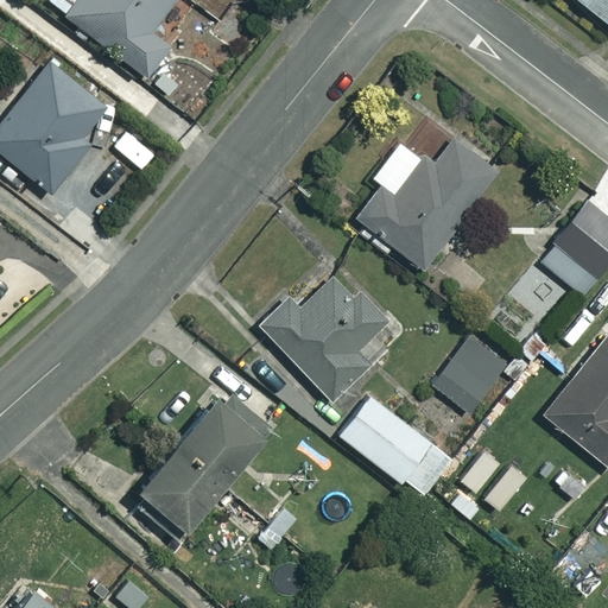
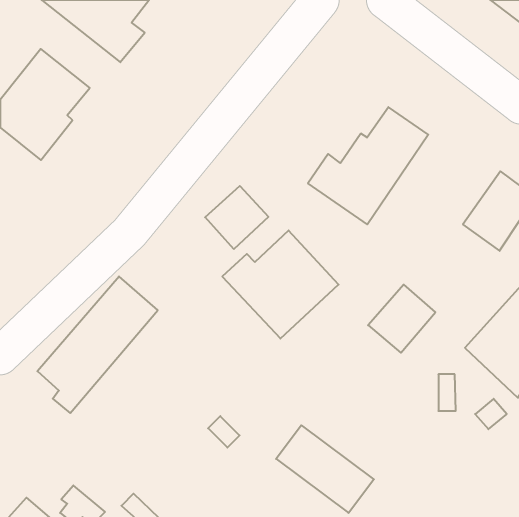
building: none -> [205,186,268,249]
building: [127,387,267,546] -> [37,276,158,413]
building: [338,397,452,499] -> [276,425,374,513]

